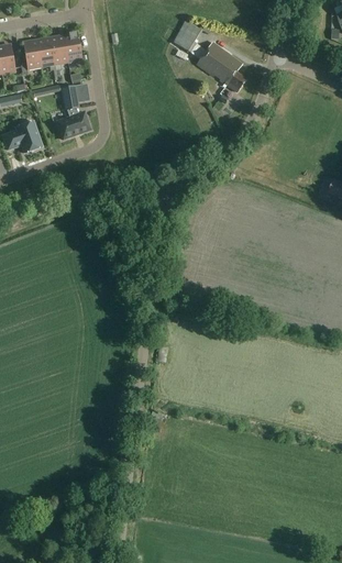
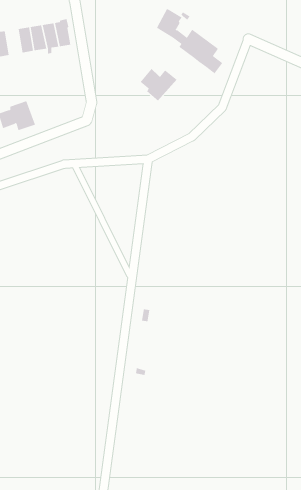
building: [55,85,92,140] -> none
building: none -> [140,68,177,102]

